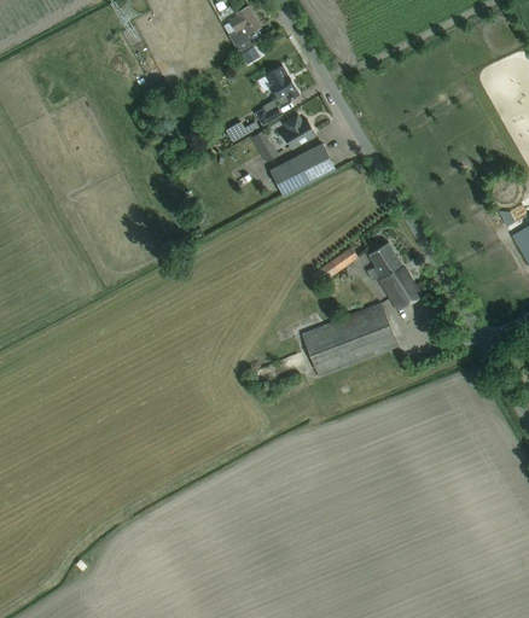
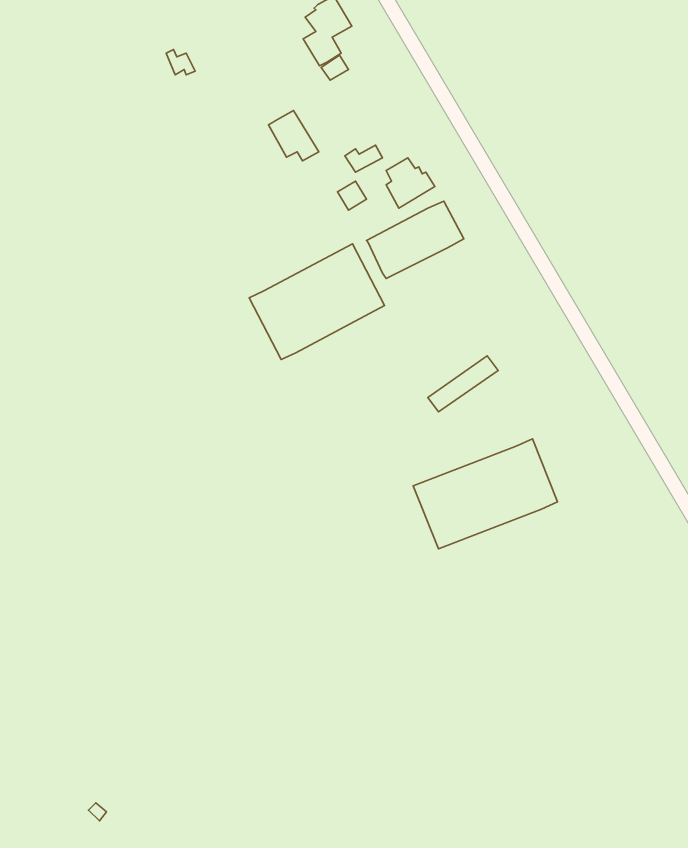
building: [264,66,298,100] -> [268,110,319,161]
building: none -> [249,244,385,360]
building: [367,241,420,310] -> none

